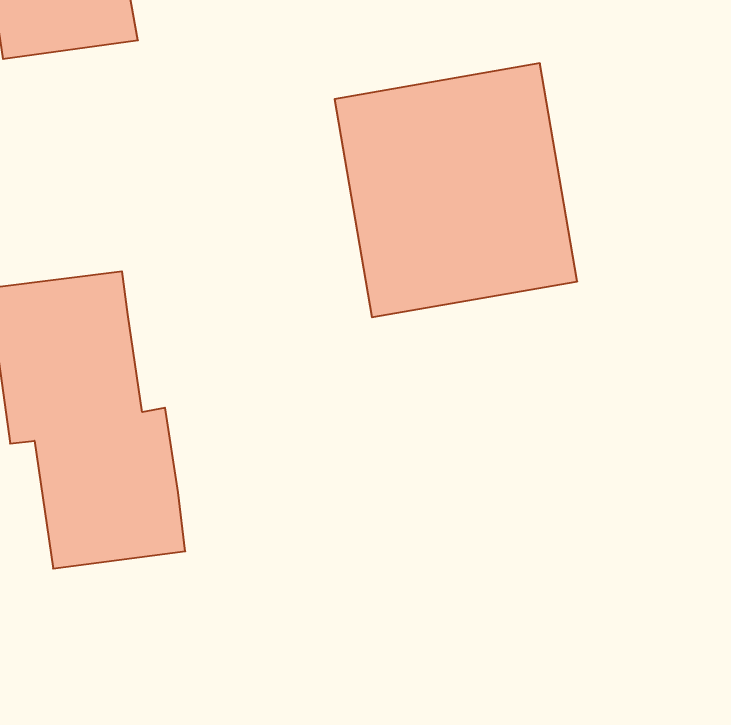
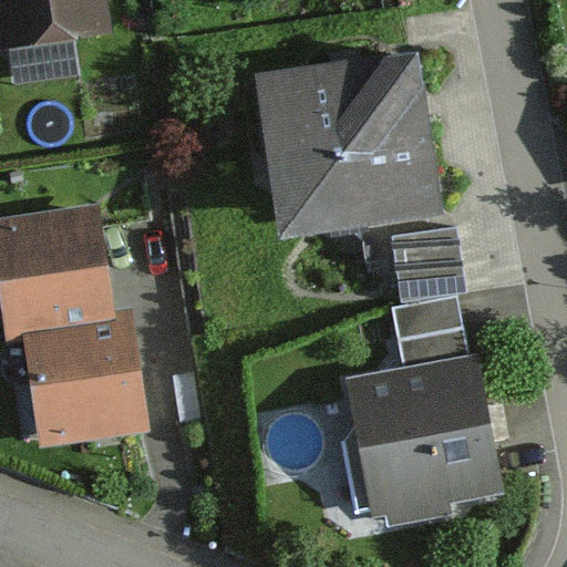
building: none -> [390,220,463,298]
building: none -> [343,297,502,515]

